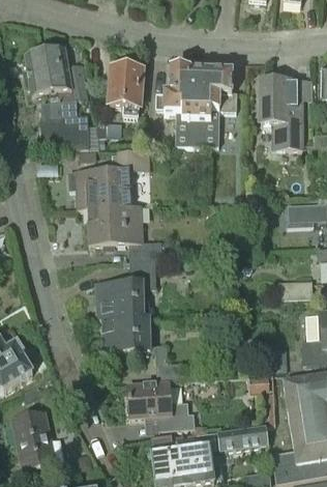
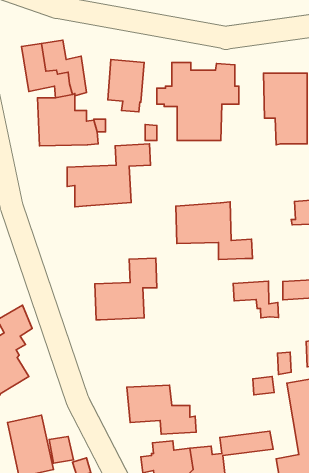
building: [88,203,162,259] -> [176,202,252,260]
building: none -> [233,281,279,318]
building: [101,316,183,379] -> none

